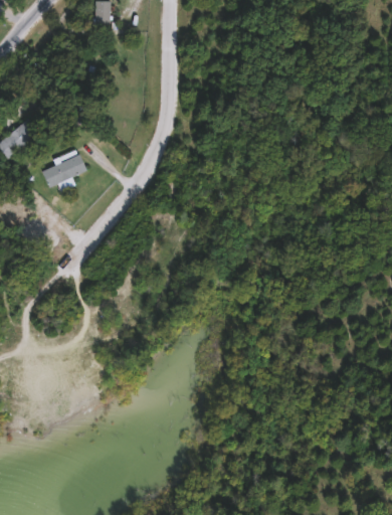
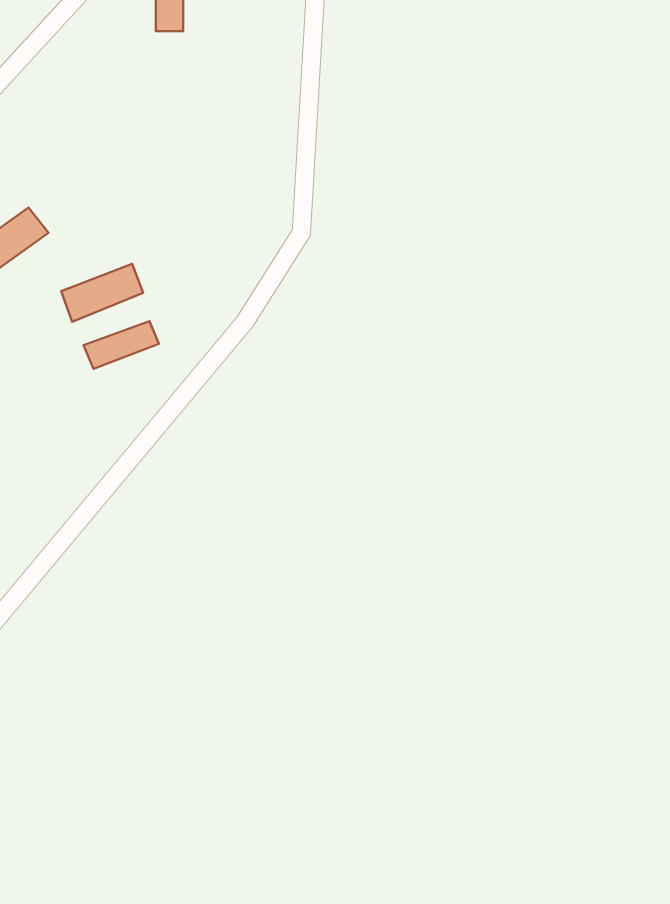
building: none -> [84,321,159,369]

